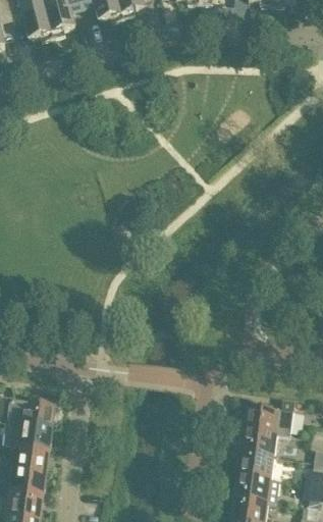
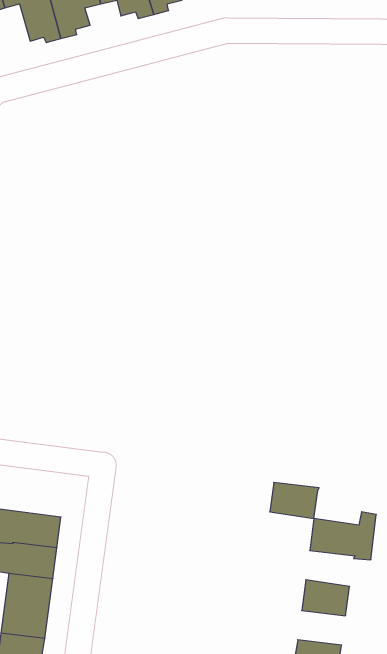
building: [240,428,278,456] -> [270,482,319,518]
building: [234,474,279,503] -> none

